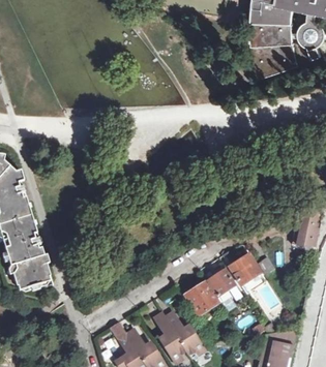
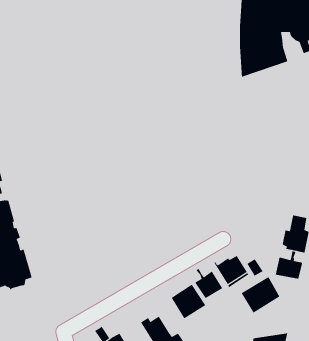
building: none -> [275,250,303,280]
building: none -> [241,276,280,314]

